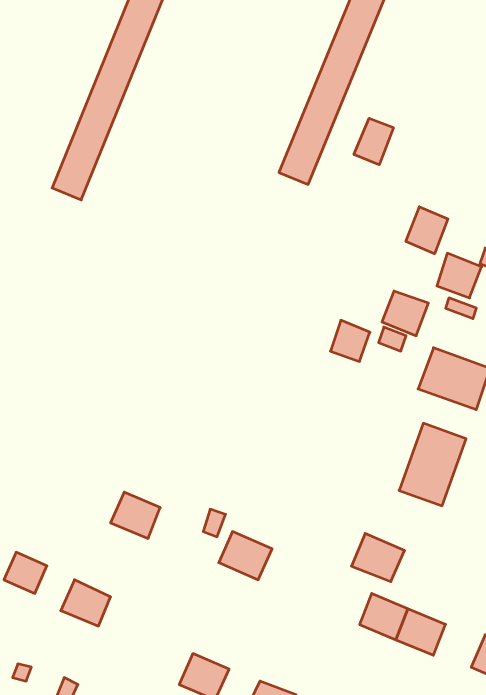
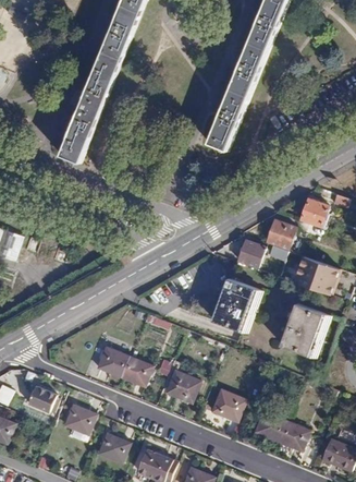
building: [354,118,393,165] -> none
building: [406,207,448,254] -> none
building: none -> [210,279,253,330]
building: none -> [121,357,151,386]
building: [351,533,405,582] -> [211,390,245,421]
building: none -> [101,433,131,461]

